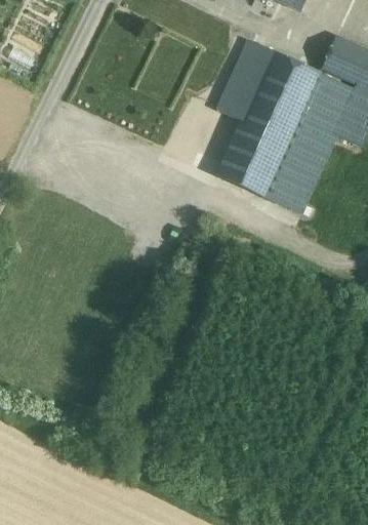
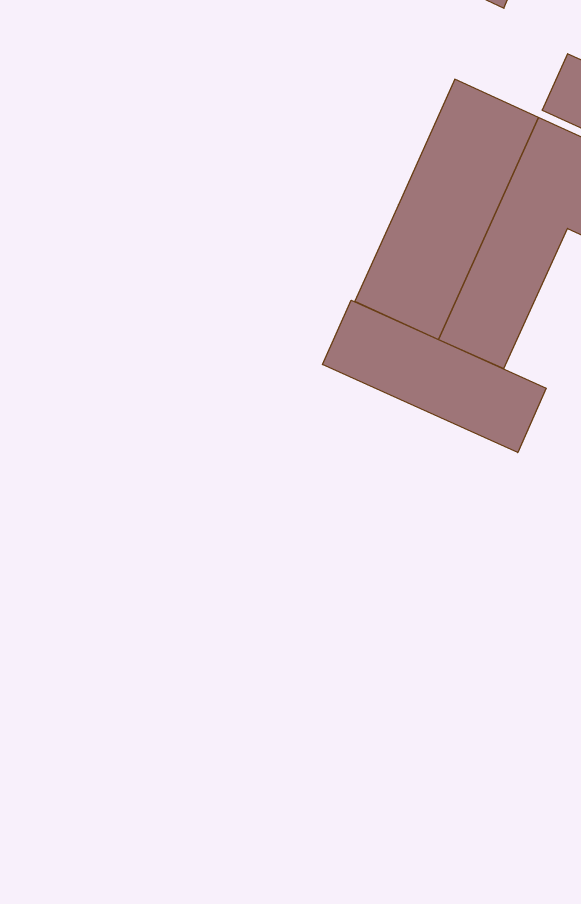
building: [217,39,272,120] -> none
building: none -> [323,300,546,453]

